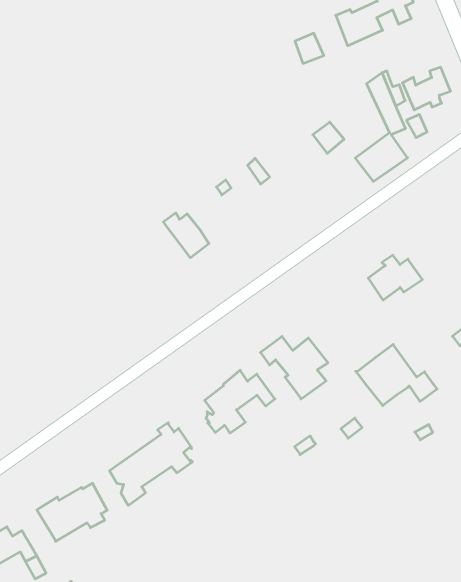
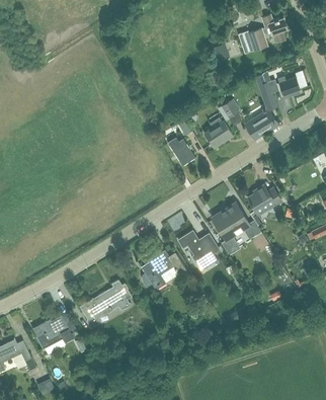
building: none -> [205,122,232,148]
building: [163,213,209,258] -> [168,138,195,166]
building: [356,344,437,406] -> [212,203,261,240]

